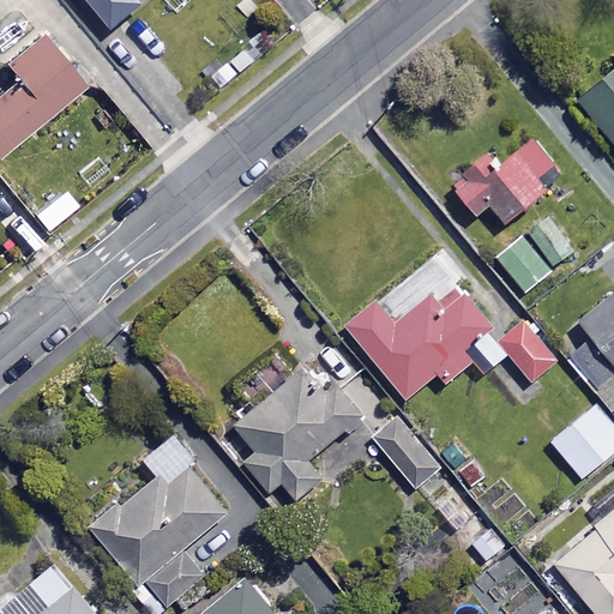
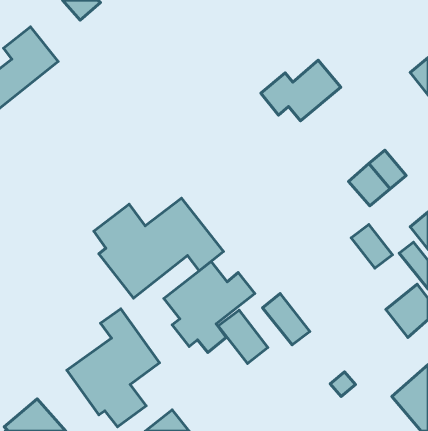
building: [451,139,565,225] -> [261,60,341,121]
building: [347,279,508,401] -> none
building: none -> [94,198,223,298]
building: none -> [218,310,268,363]

